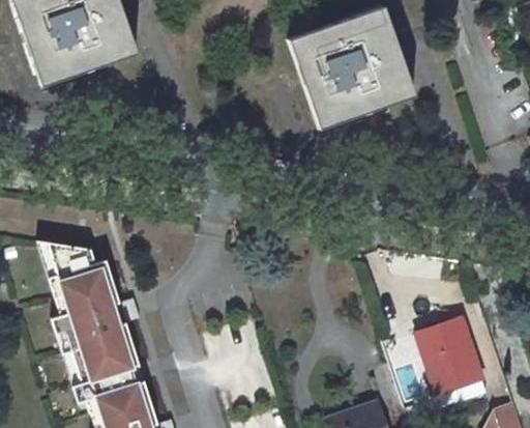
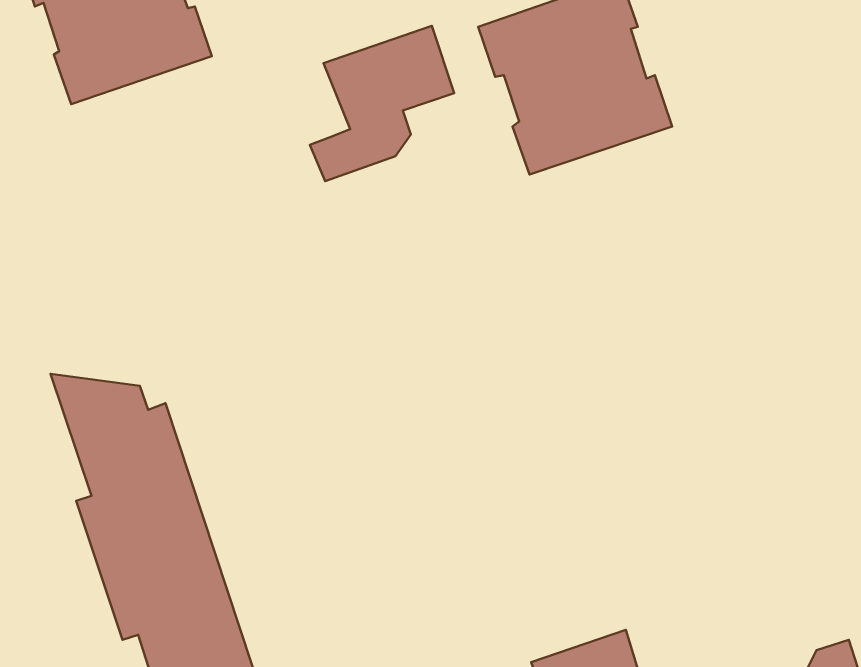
building: none -> [310,26,454,181]
building: [417,320,484,396] -> none

